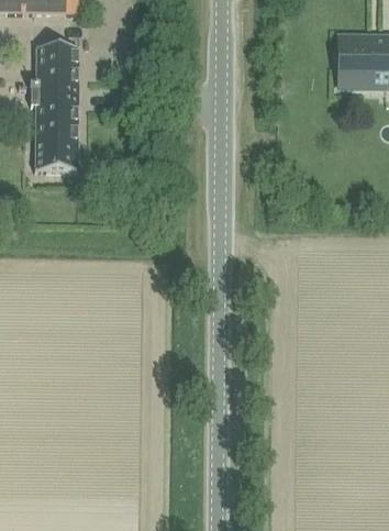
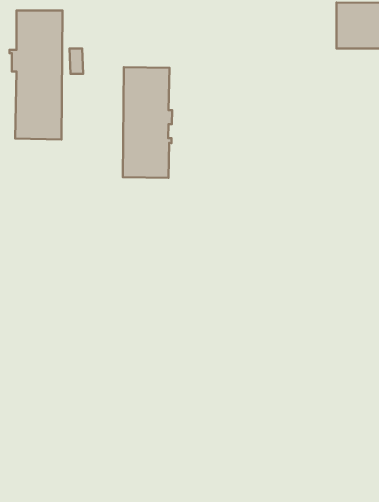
building: none -> [123,67,172,178]

